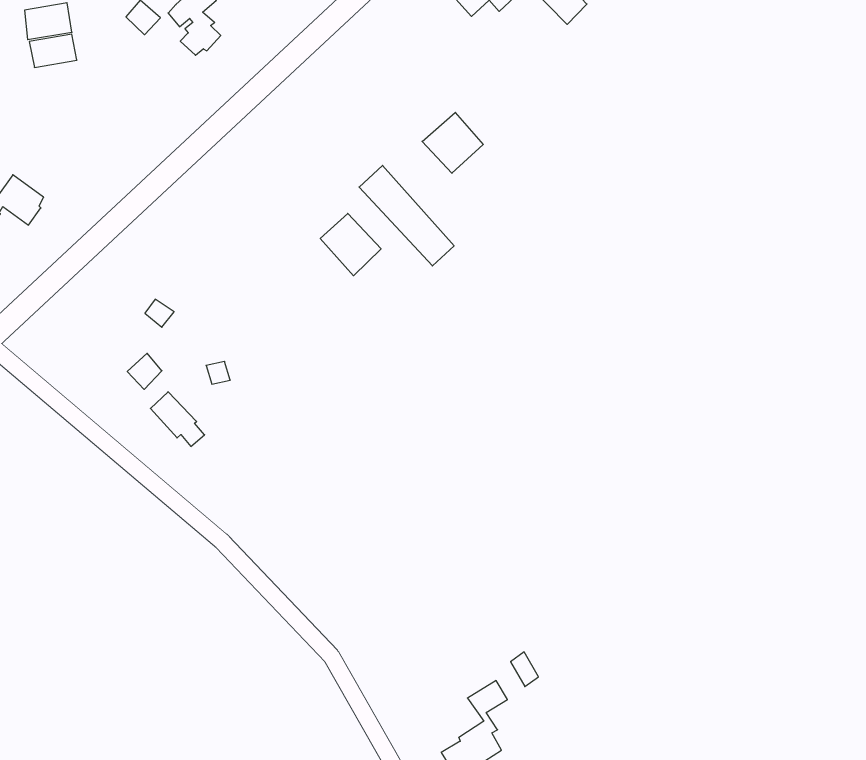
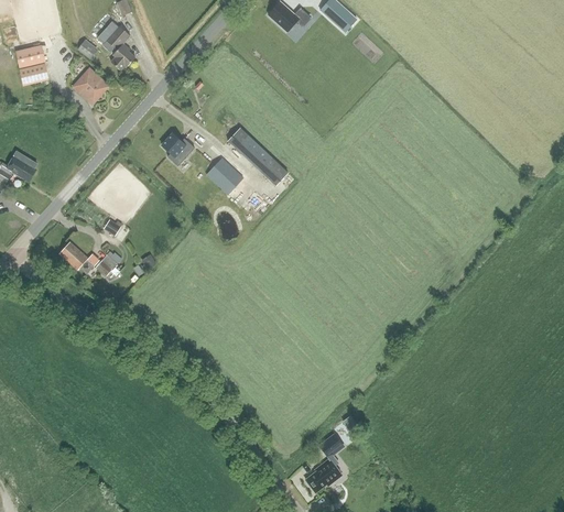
building: none -> [73,67,107,101]
building: [422,112,483,173] -> none
building: none -> [162,132,194,164]
building: [150,392,205,446] -> [59,239,94,271]

